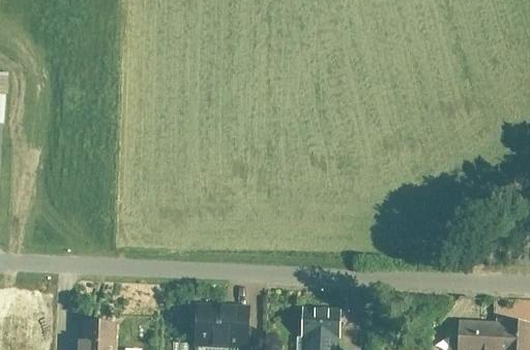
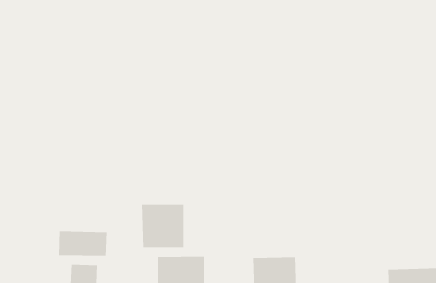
building: none -> [142,204,184,248]
building: none -> [58,230,107,257]

